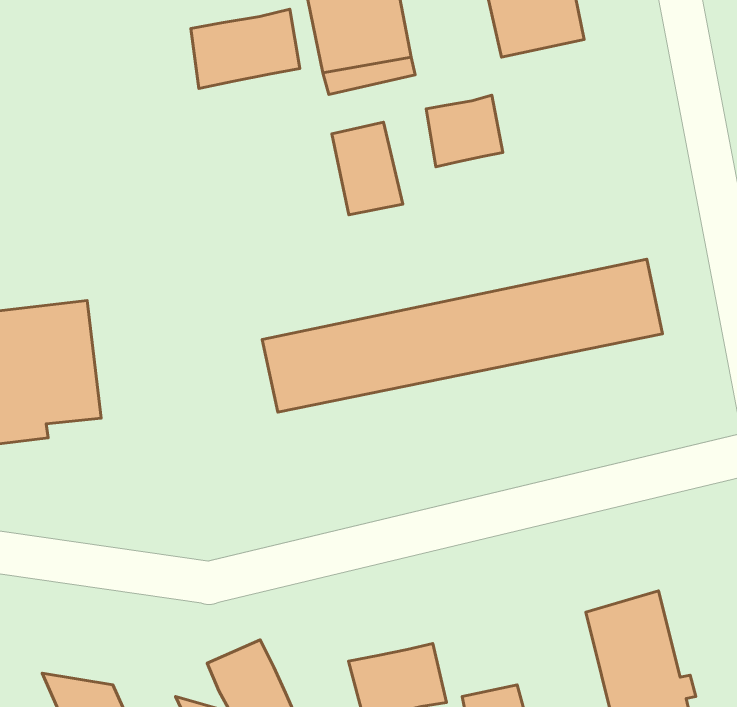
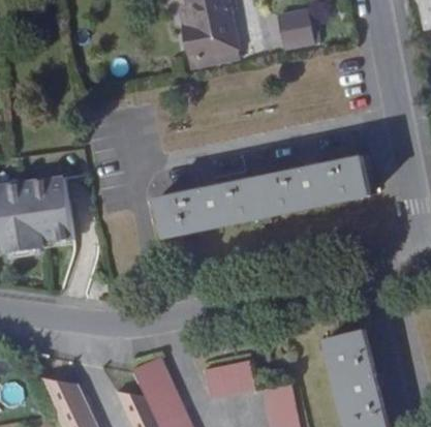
building: [191,9,300,88] -> none
building: [426,95,503,167] -> none
building: [332,122,403,215] -> none

